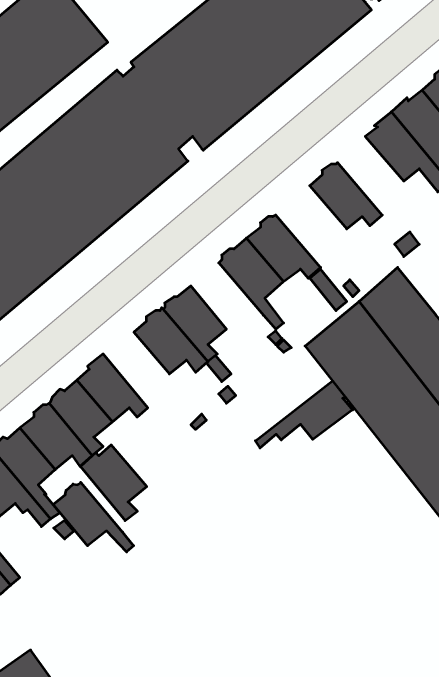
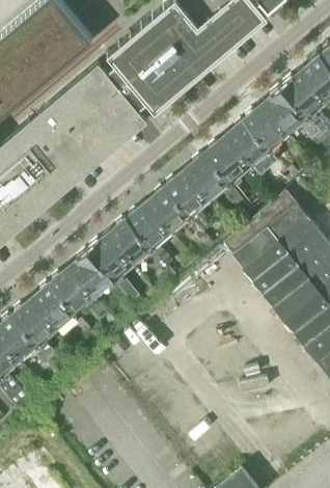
building: none -> [244,102,290,155]
building: none -> [207,135,252,196]
building: none -> [146,187,195,232]
building: [255,381,353,448] -> none
building: [80,445,147,521] -> [87,234,132,284]
building: [53,482,134,552] -> none

